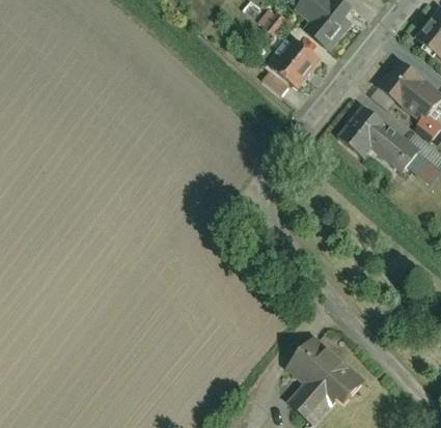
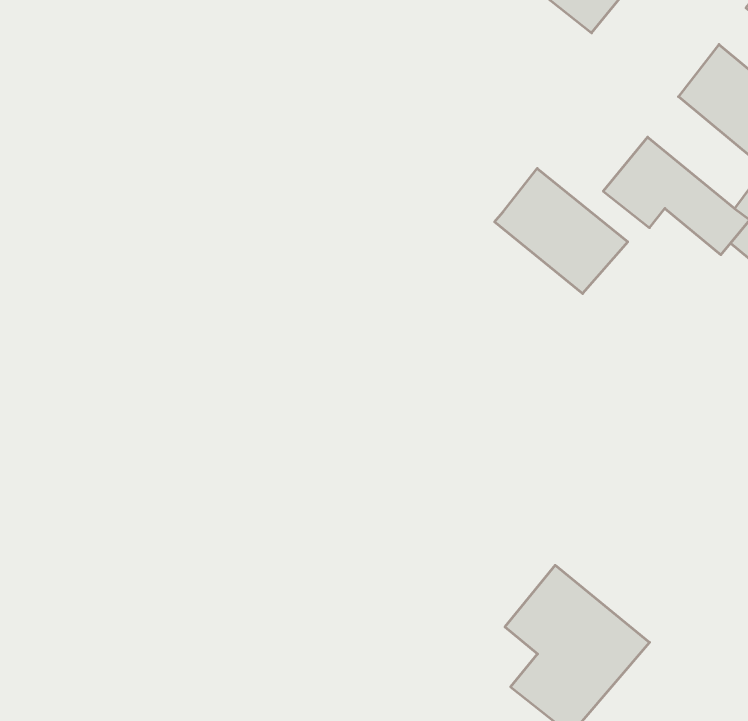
building: [273,38,321,86] -> none
building: none -> [495,168,628,294]

